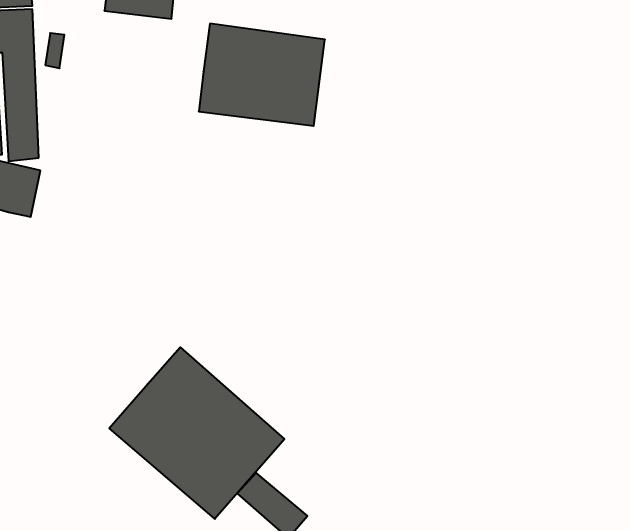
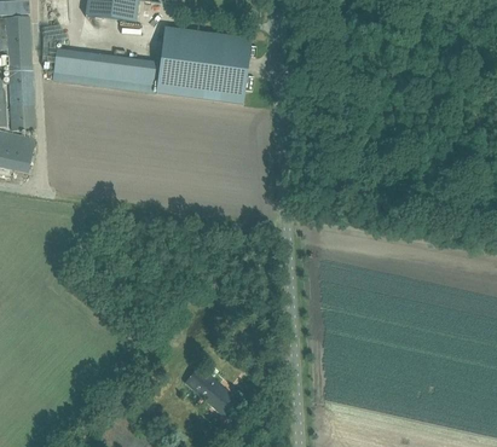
building: none -> [51,48,158,92]
building: [109,347,284,519] -> none

